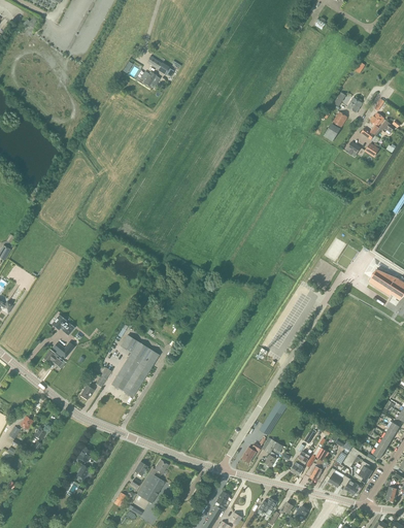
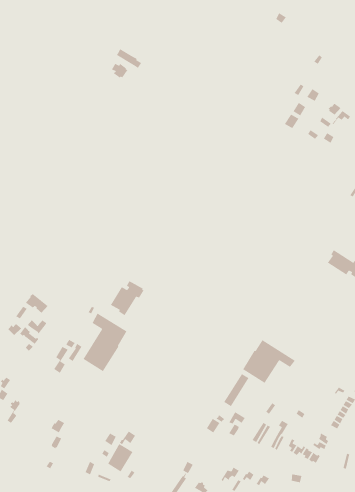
building: none -> [110,280,145,316]
building: none -> [242,339,296,384]

